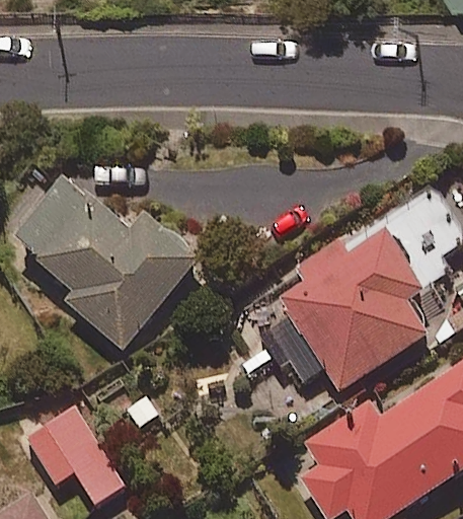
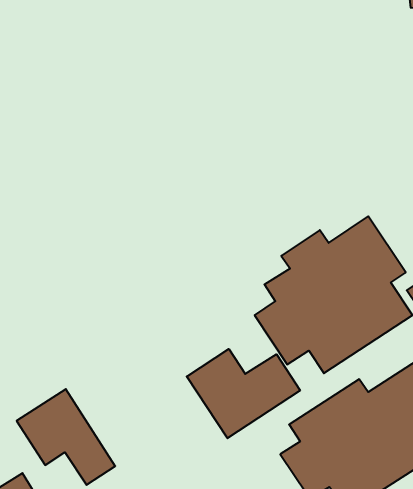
building: [13,177,200,349] -> none
building: none -> [187,349,300,438]

